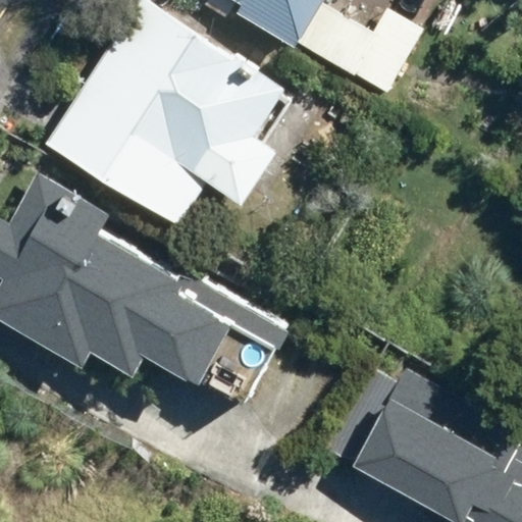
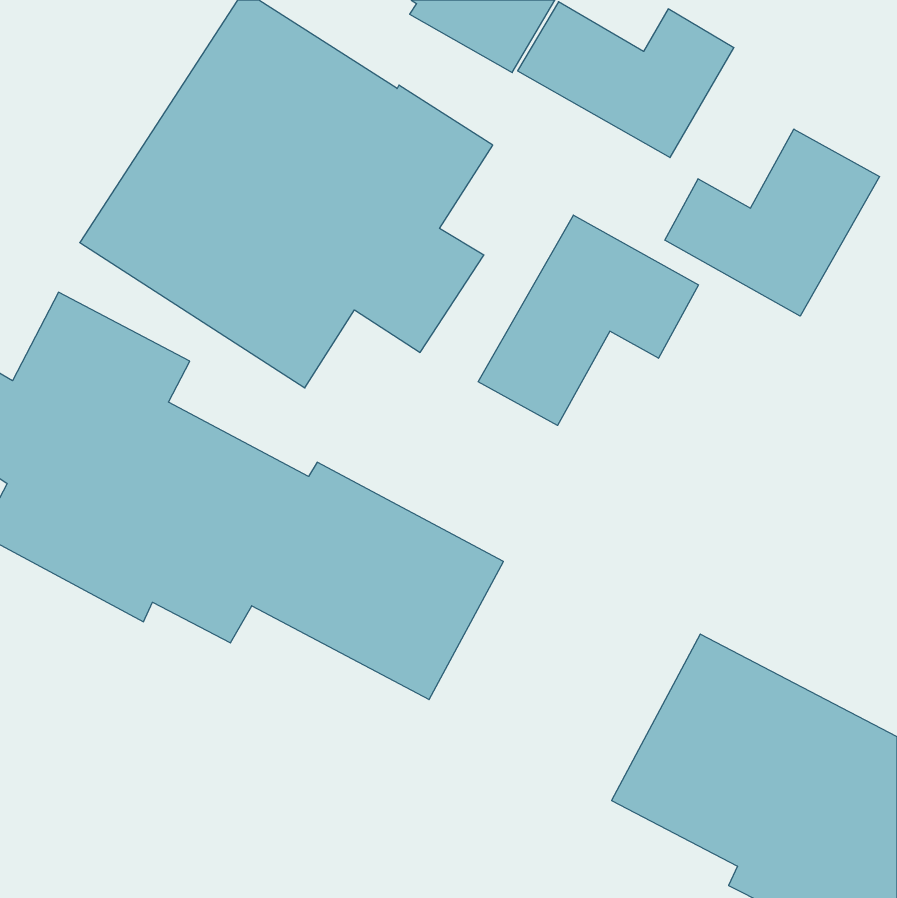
building: none -> [665,129,880,316]
building: none -> [478,215,698,425]

